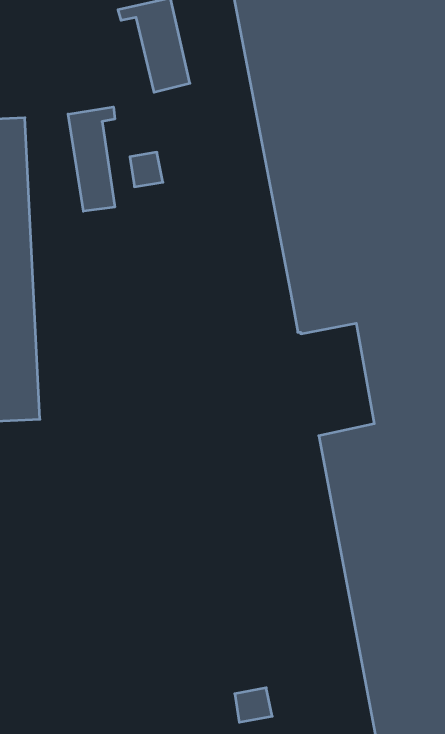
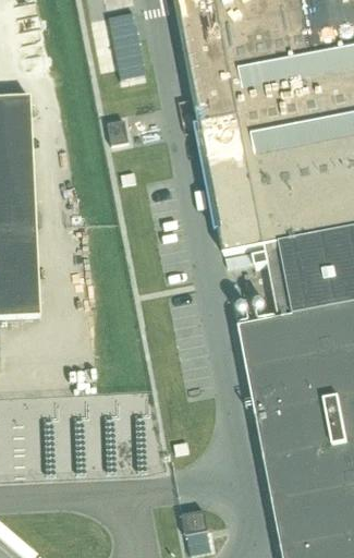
building: [68,107,115,211] -> none

